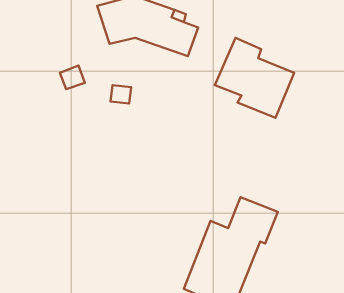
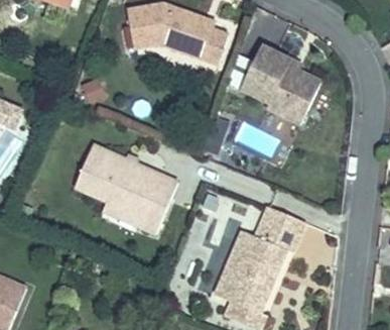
building: none -> [73,148,173,235]

